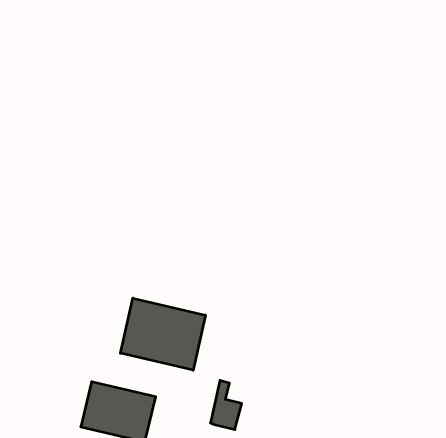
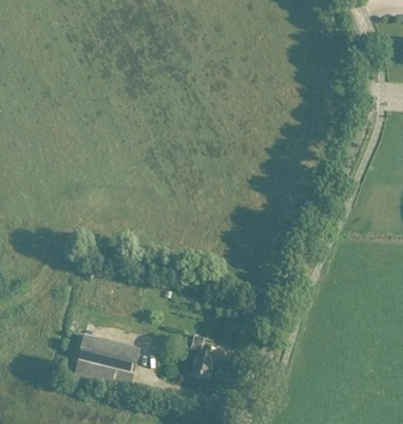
building: [120,298,205,370] -> none

